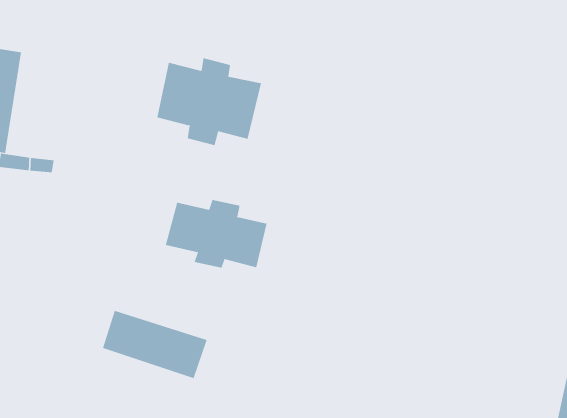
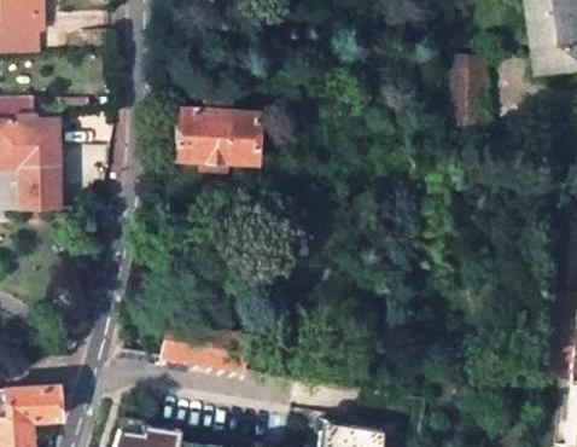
building: none -> [453,76,486,134]
building: [165,199,267,269] -> none

